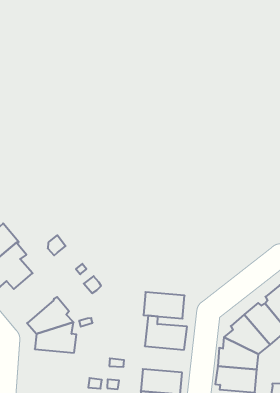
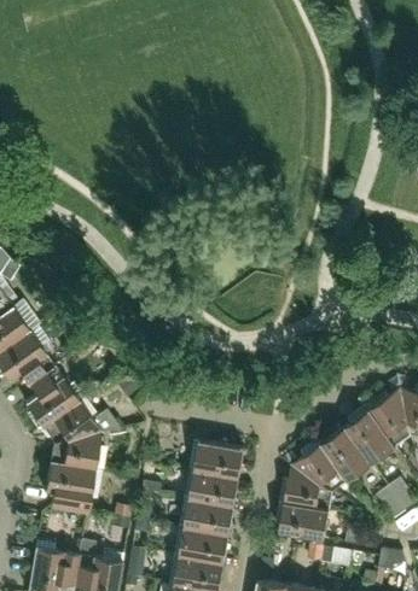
building: none -> [25,364,81,431]
building: [143,292,185,319] -> [185,468,239,505]
building: none -> [45,461,99,511]

